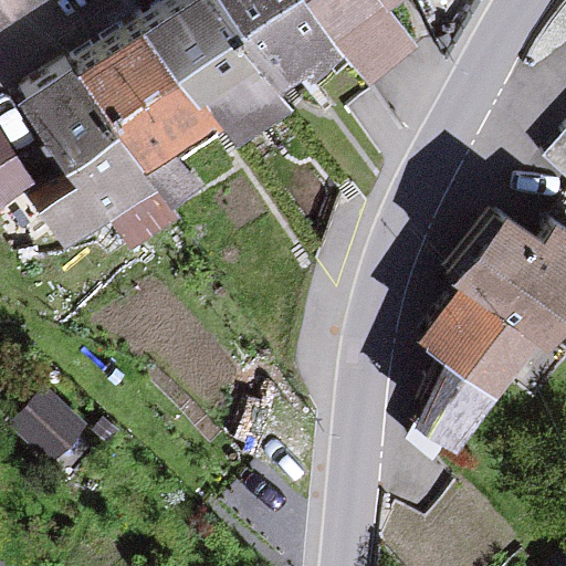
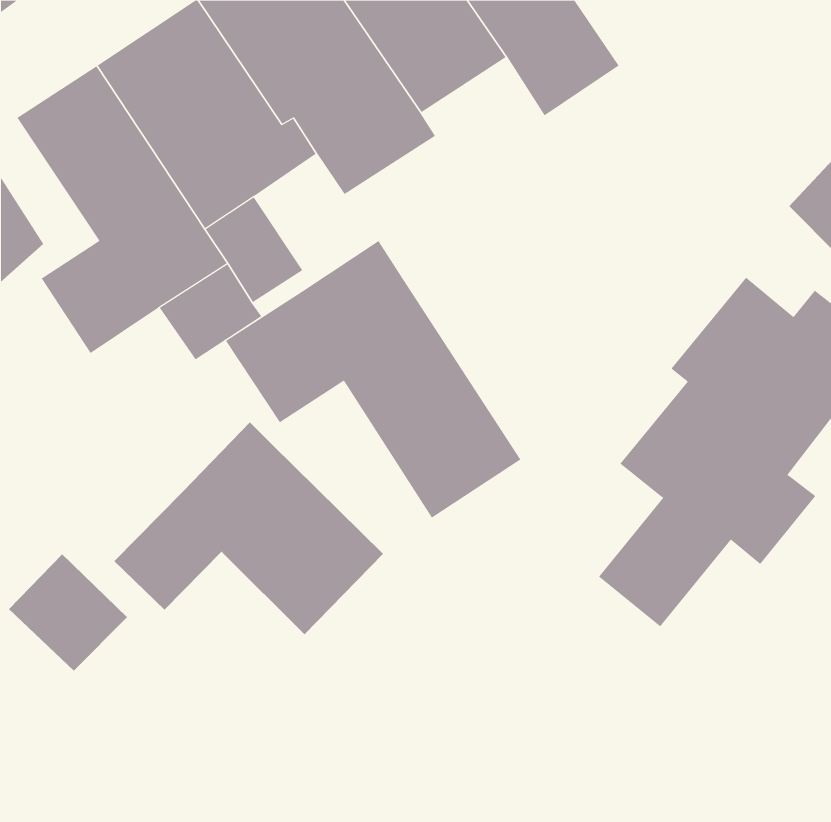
building: none -> [225,240,521,518]
building: none -> [113,421,384,635]

